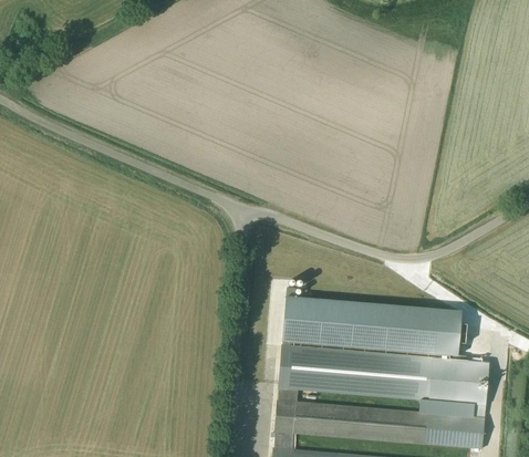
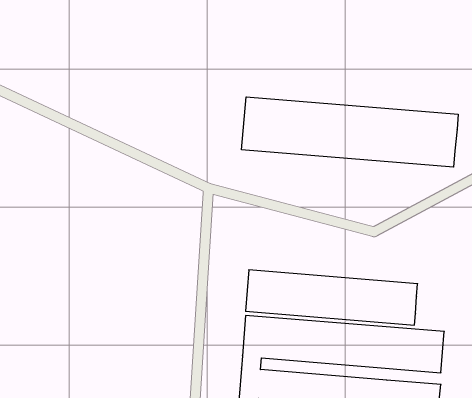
building: none -> [242,97,458,167]

